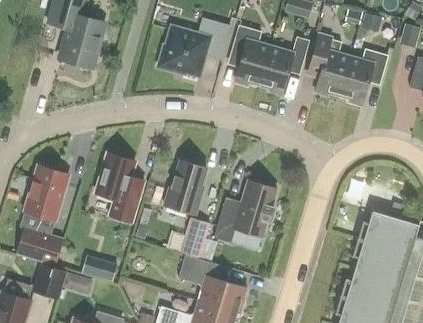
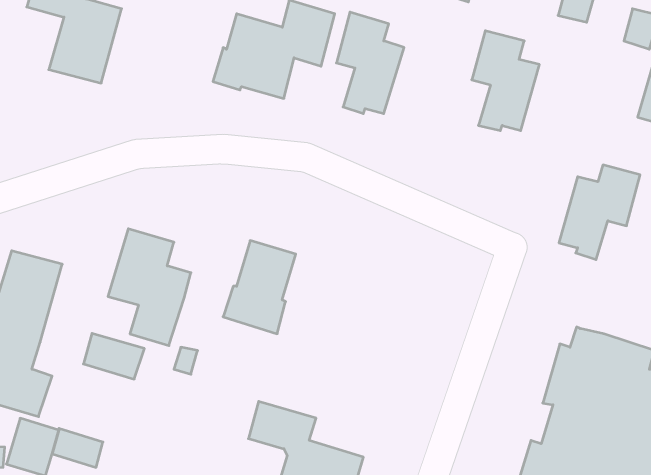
building: [258,37,309,95] -> none
building: [339,49,387,105] -> [559,165,640,260]
building: [213,178,277,242] -> none
building: [182,218,209,258] -> none
building: [83,252,119,279] -> [83,333,144,379]

